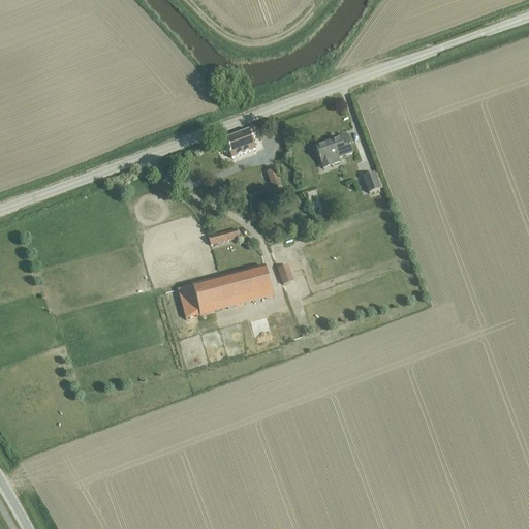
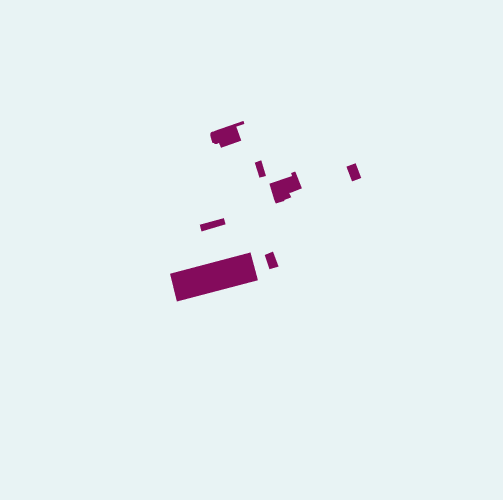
building: [315,132,351,167] -> [268,171,303,204]

